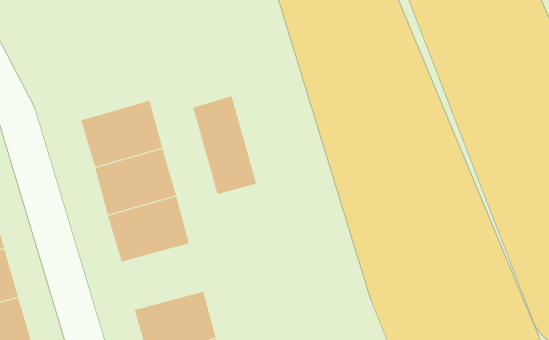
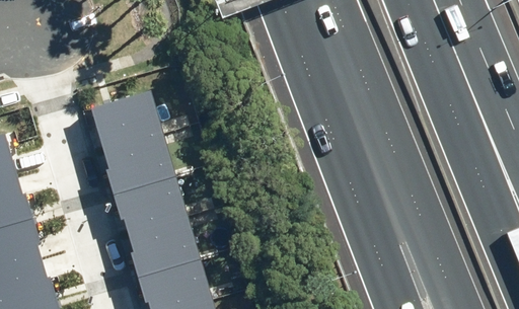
building: [192,95,257,195] -> none
building: none -> [128,217,200,275]

